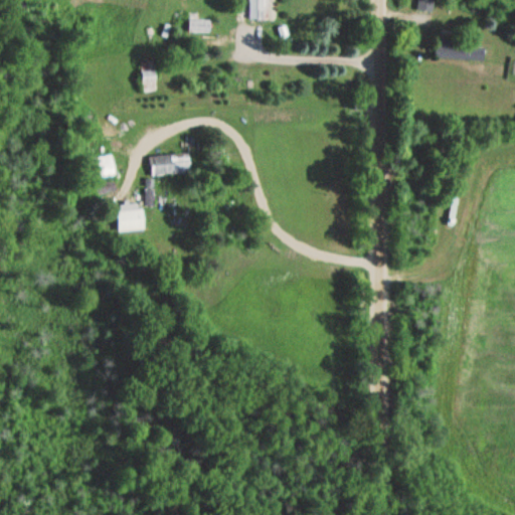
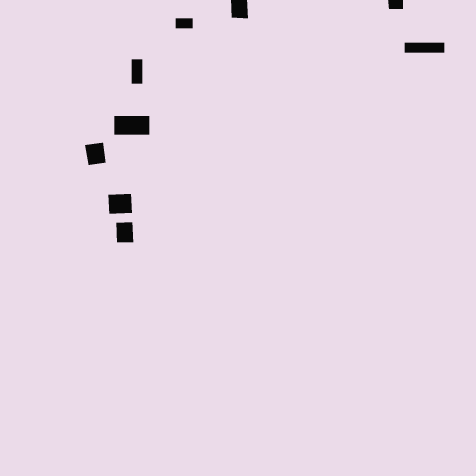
building: [151,153,190,174] -> [114,116,150,135]
building: none -> [116,222,134,243]

